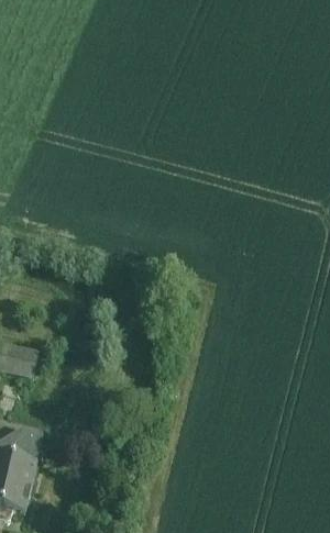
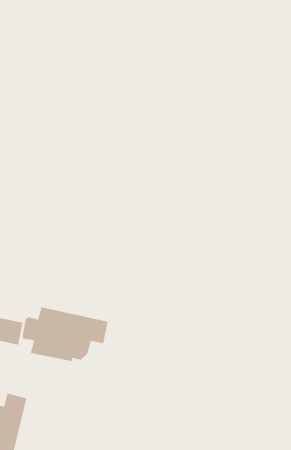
building: none -> [22,307,108,362]

